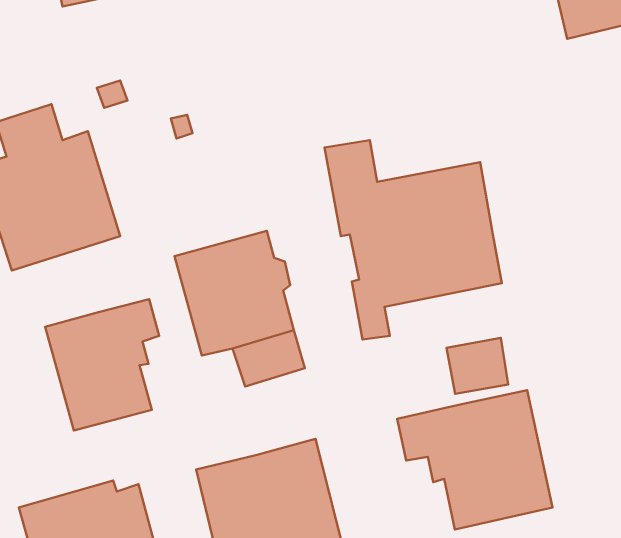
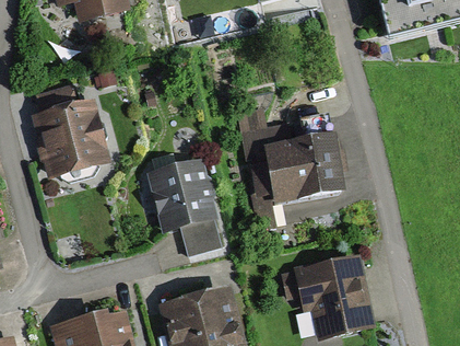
building: [45,299,159,431] -> none
building: [446,338,508,394] -> none

